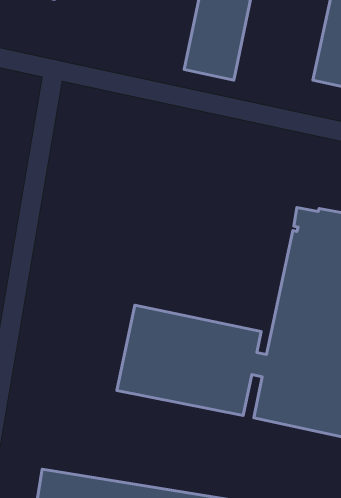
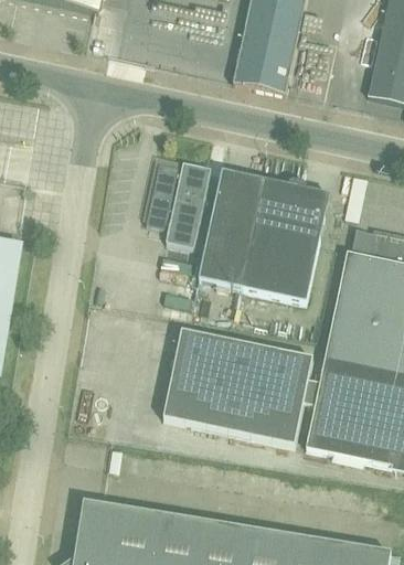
building: none -> [146,161,211,246]
building: none -> [199,169,330,301]

